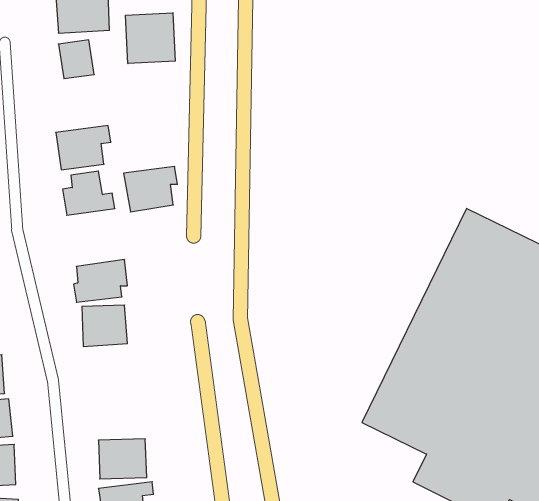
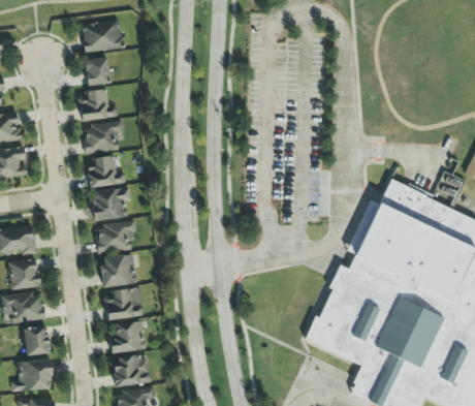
building: [126,13,175,64] -> none
building: none -> [78,91,118,119]
building: [124,166,177,212] -> [90,186,130,220]
building: none -> [103,286,144,319]
building: none -> [109,320,145,351]

